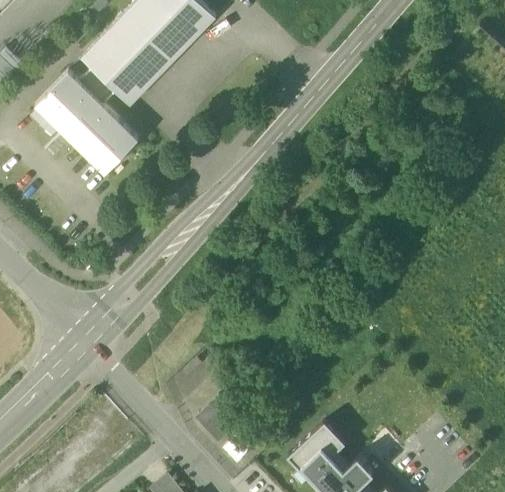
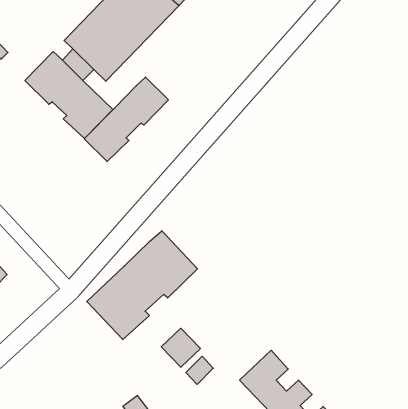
building: none -> [84,77,168,162]
building: none -> [87,231,198,340]

